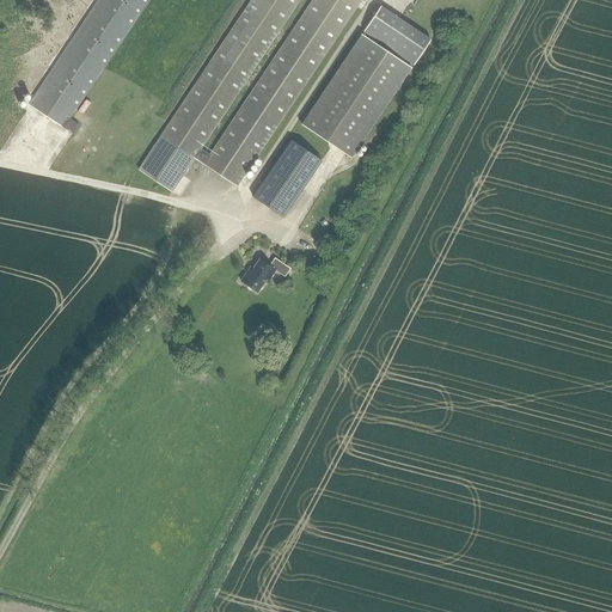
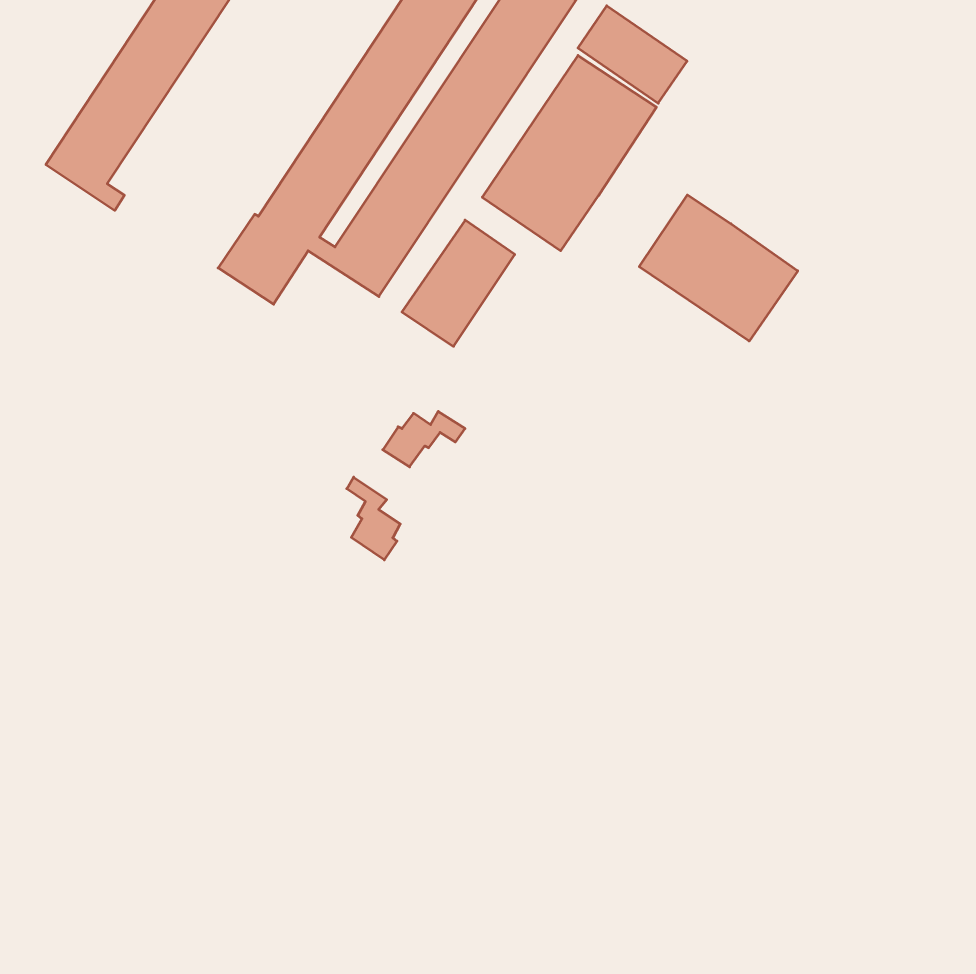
building: none -> [639,195,798,341]
building: none -> [347,477,400,560]

